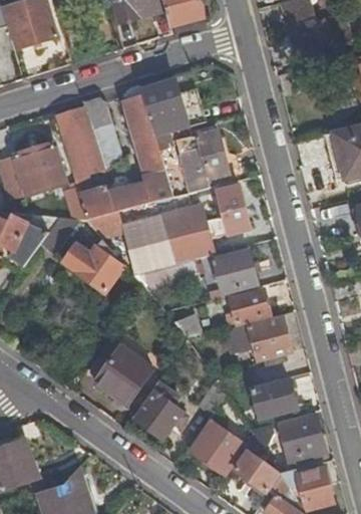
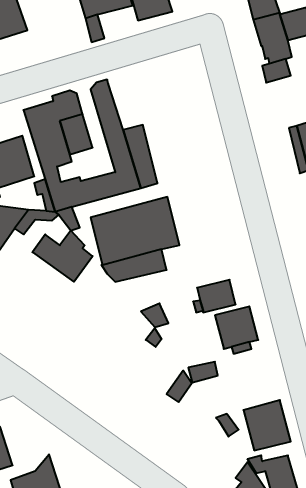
building: [139,78,190,137] -> none
building: [180,131,230,190] -> none
building: [217,186,251,233] -> none
building: [214,251,261,292] -> none
building: [94,345,151,405] -> none
building: [252,379,296,419] -> none
building: [133,384,189,442] -> none
building: [190,420,244,473] -> none
building: [234,450,279,495] -> none

